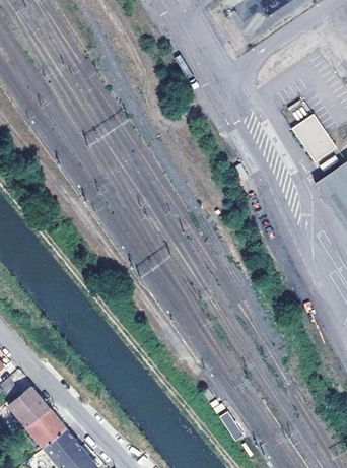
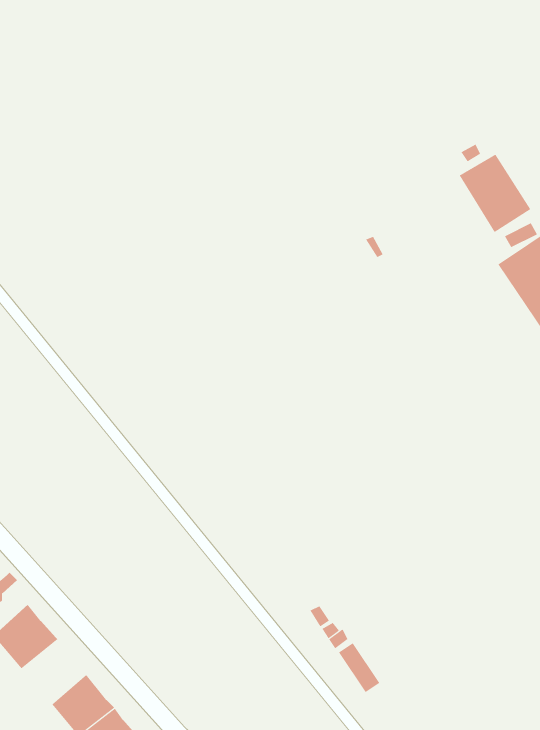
building: [27,407,67,447] -> none

